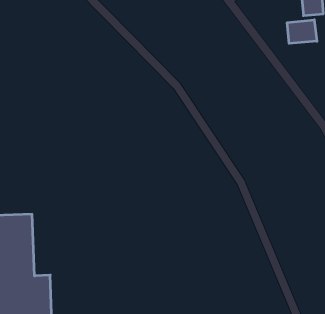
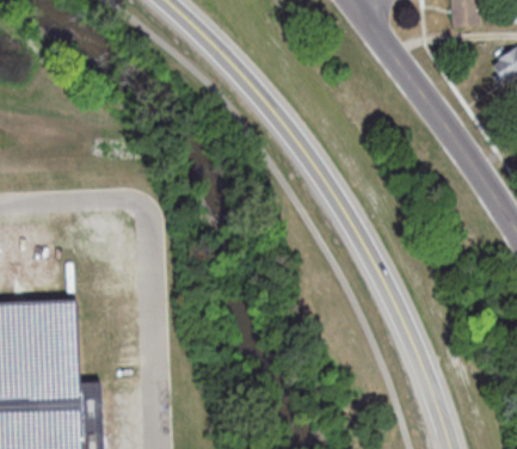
building: [287,20,317,43] -> none

